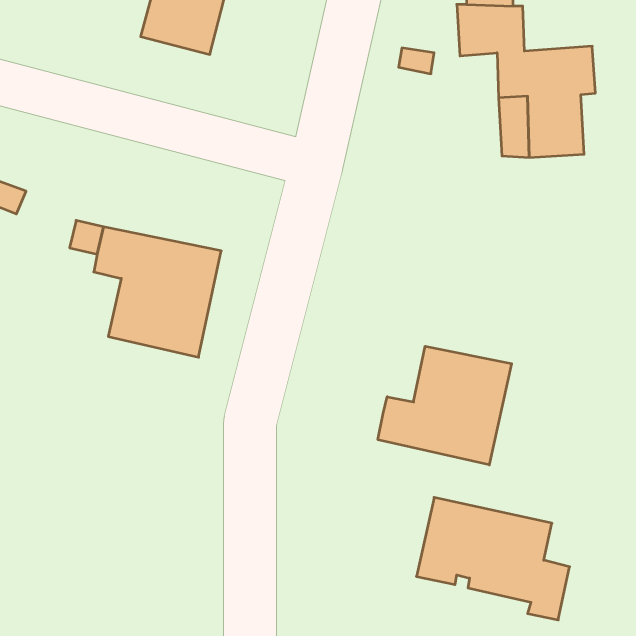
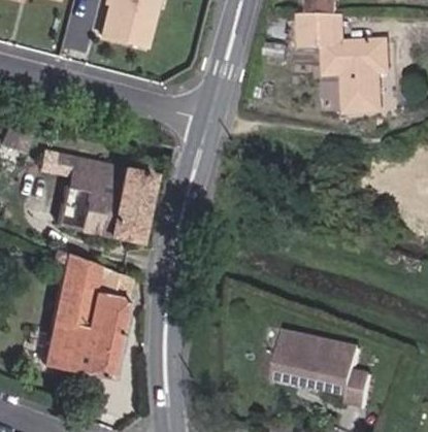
building: [378,346,512,465] -> none
building: none -> [41,247,129,377]

